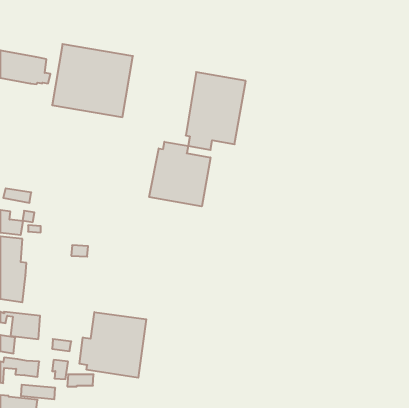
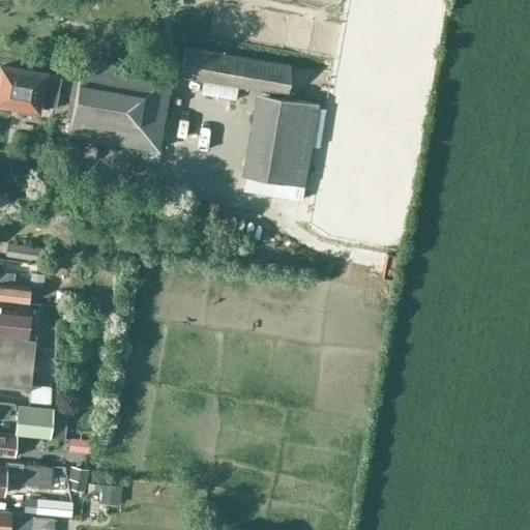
building: none -> [178,49,292,98]
building: [149,142,210,206] -> none
building: [79,312,146,378] -> none

